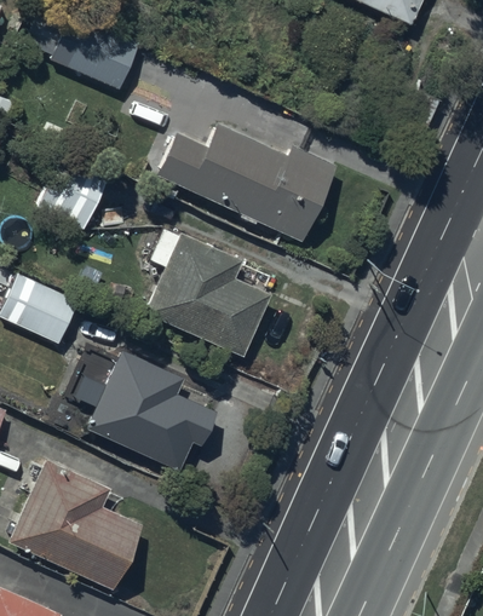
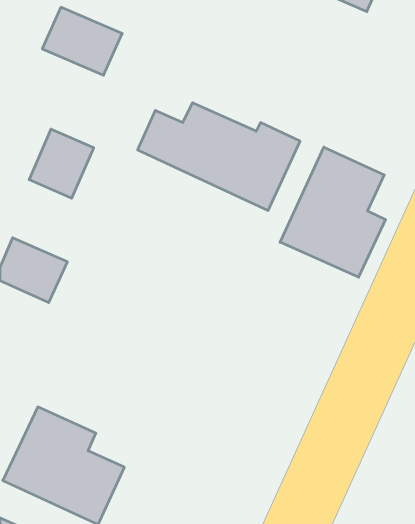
building: none -> [280,147,386,277]
building: [145,229,271,356] -> none
building: [85,350,215,472] -> none

